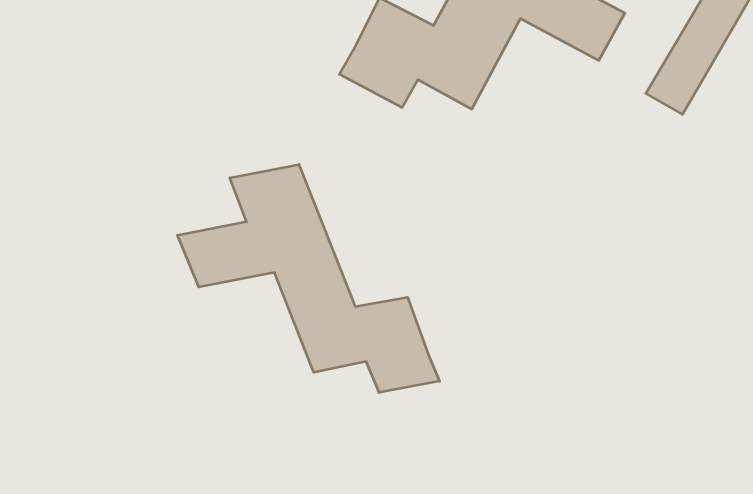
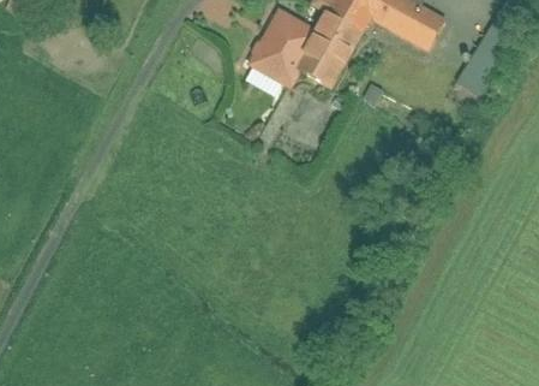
building: [178,164,440,393] -> none

